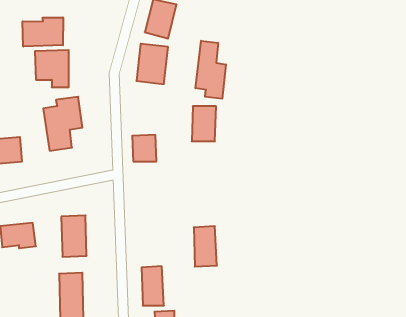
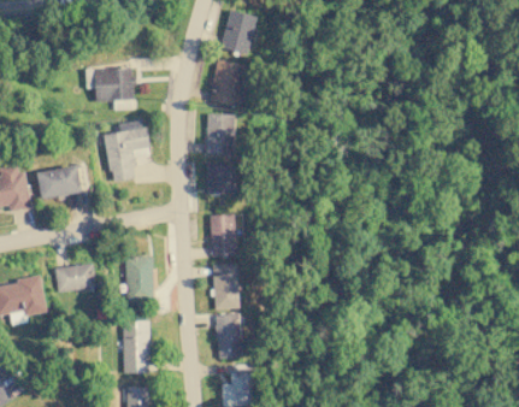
building: [23,17,63,47] -> none
building: [195,41,226,99] -> none
building: [192,106,216,141] -> [207,113,235,153]
building: none -> [211,213,236,254]
building: [194,226,217,267] -> [213,263,240,308]

